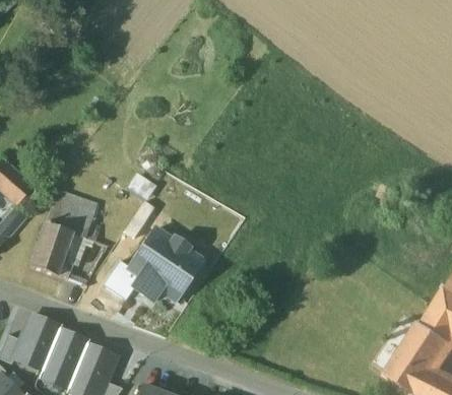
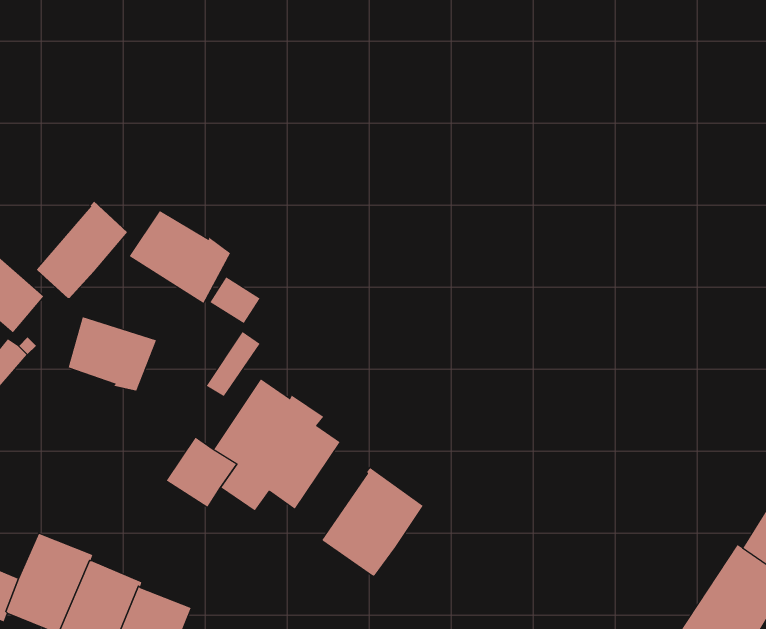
building: none -> [36,201,128,299]
building: none -> [129,210,231,304]
building: [31,222,76,277] -> none
building: none -> [322,467,424,576]

